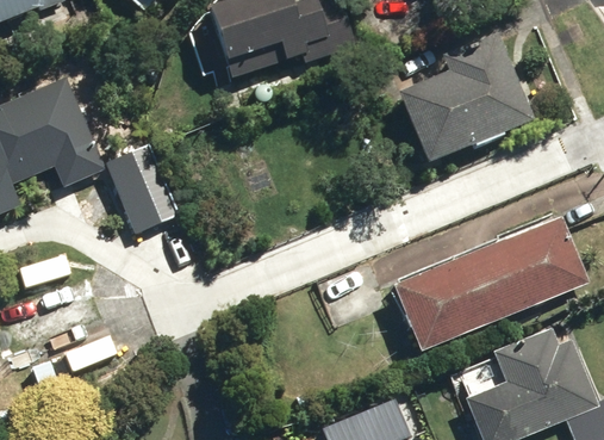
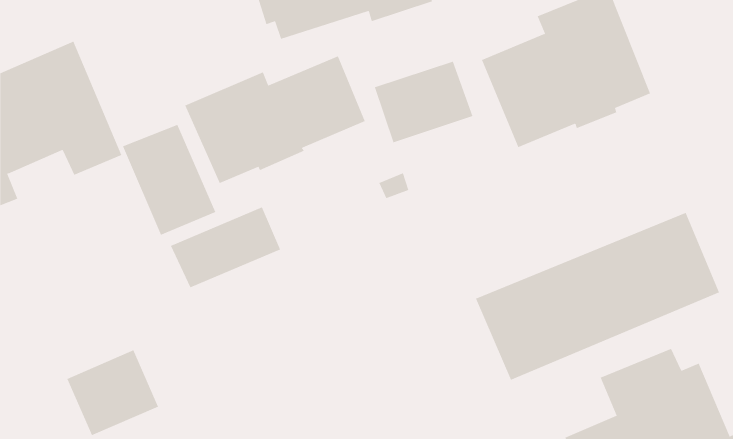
building: none -> [185,56,365,184]
building: none -> [374,61,473,143]
building: none -> [170,206,281,288]

